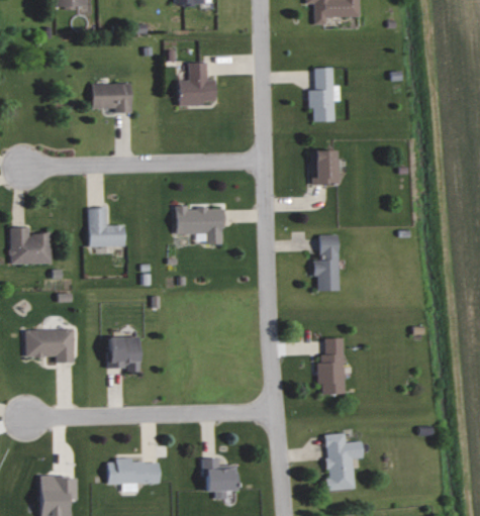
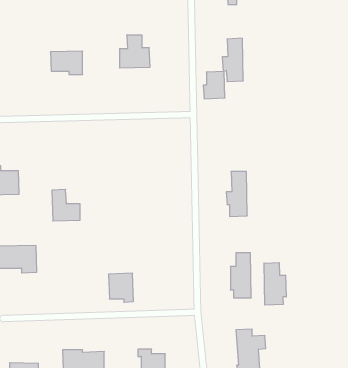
building: [311,150,339,185] -> [203,71,225,99]
building: [89,207,124,246] -> [52,189,80,221]
building: [176,207,223,244] -> none
building: [108,334,139,371] -> [109,273,133,302]
building: none -> [264,263,286,305]

